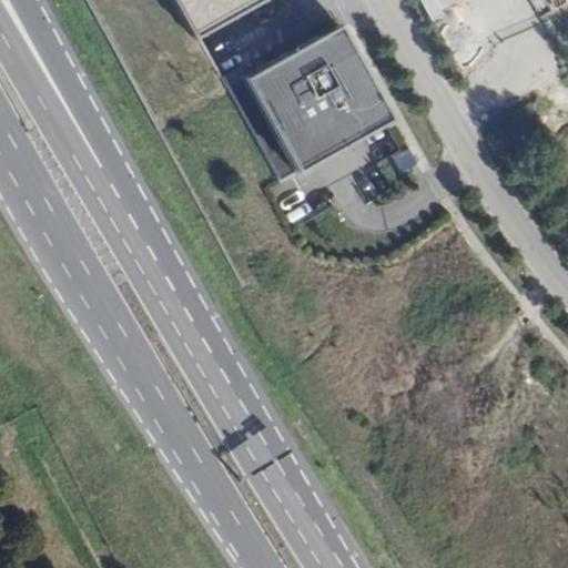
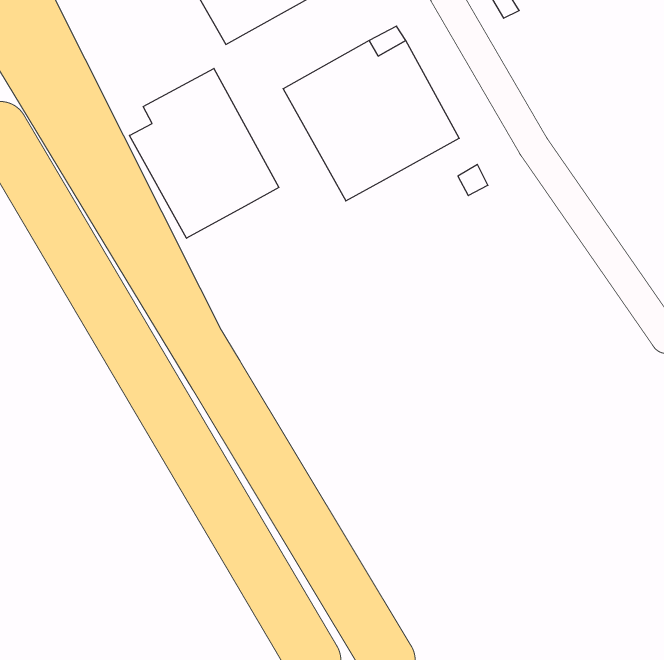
building: none -> [129,68,279,238]

